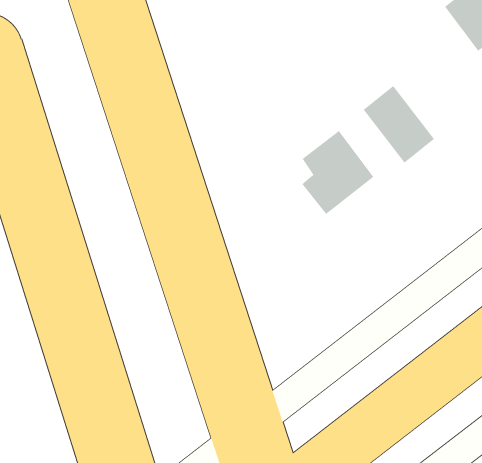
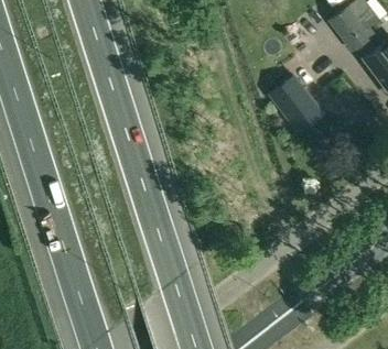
building: [301,130,374,215] -> none

